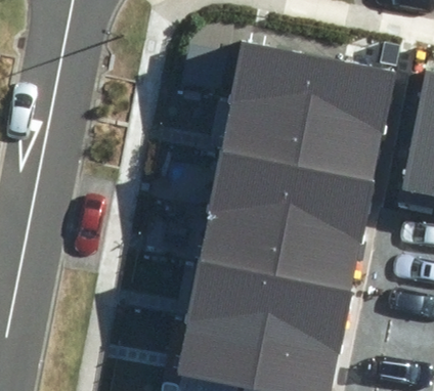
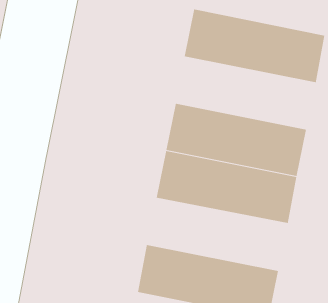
building: [220,97,385,182] -> none
building: [186,262,352,347] -> none

